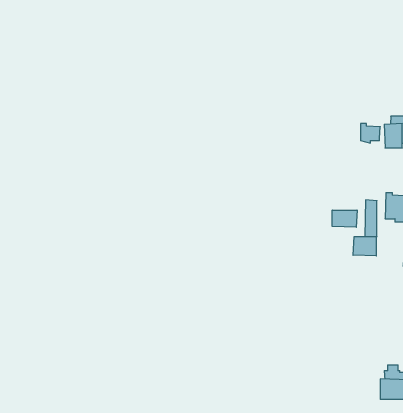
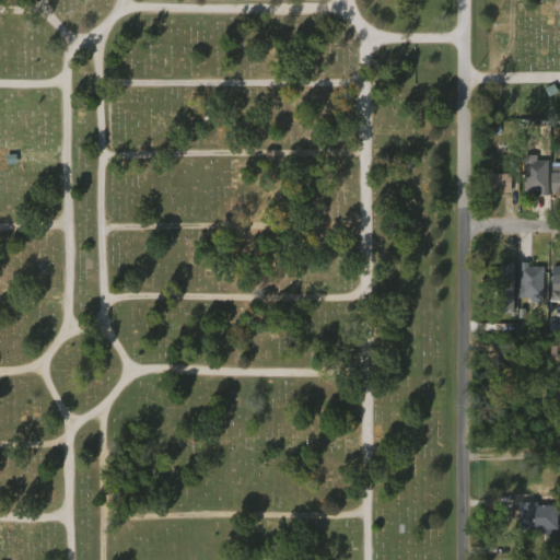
building: [332,210,357,227] -> none
building: [353,237,376,256] -> none

